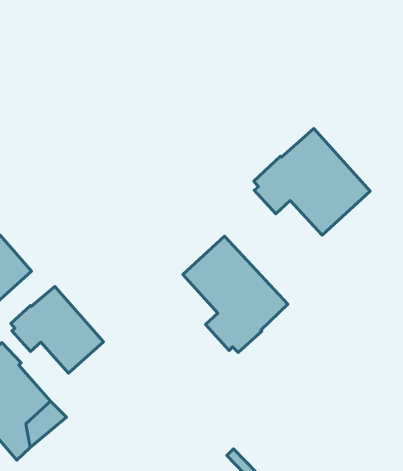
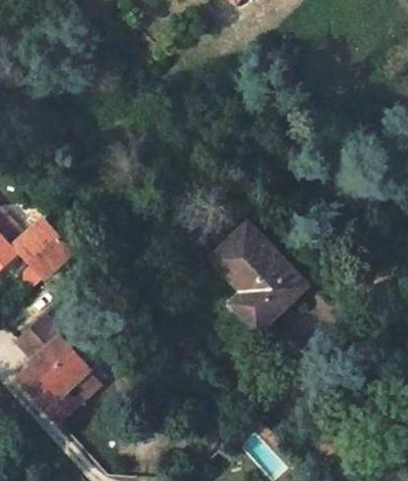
building: [254,128,370,235] -> none
building: [11,286,103,373] -> none

